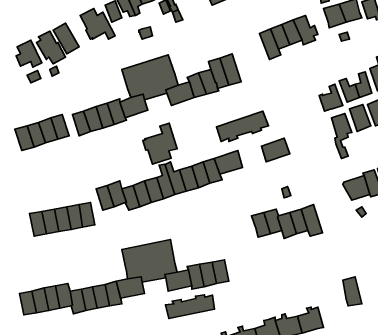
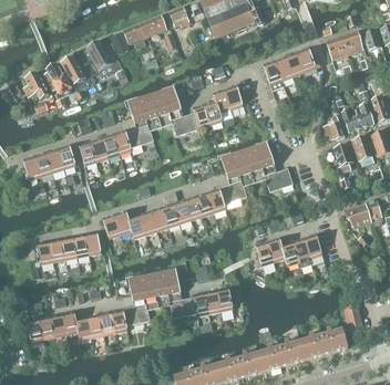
building: [143,123,177,164] -> none
building: [166,295,215,318] -> none
building: none -> [320,327,348,353]

